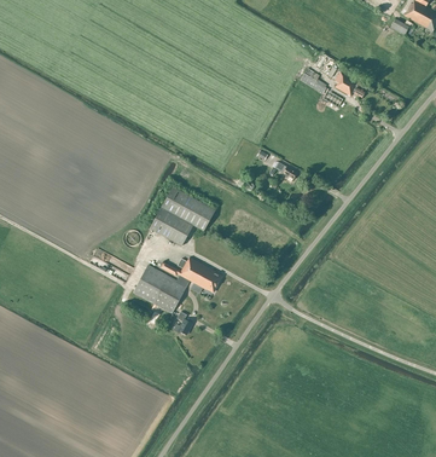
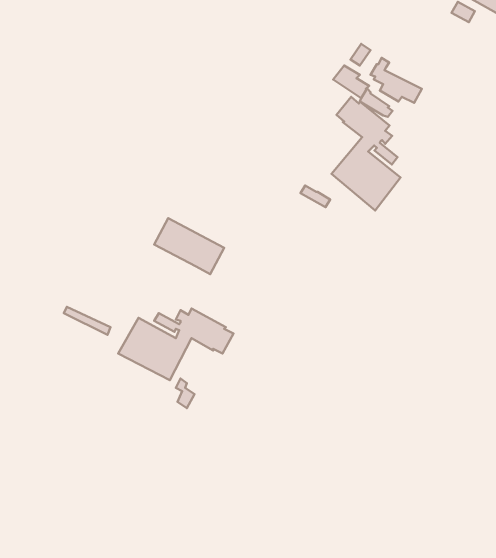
building: none -> [332,97,401,210]
building: [149,208,192,247] -> none

